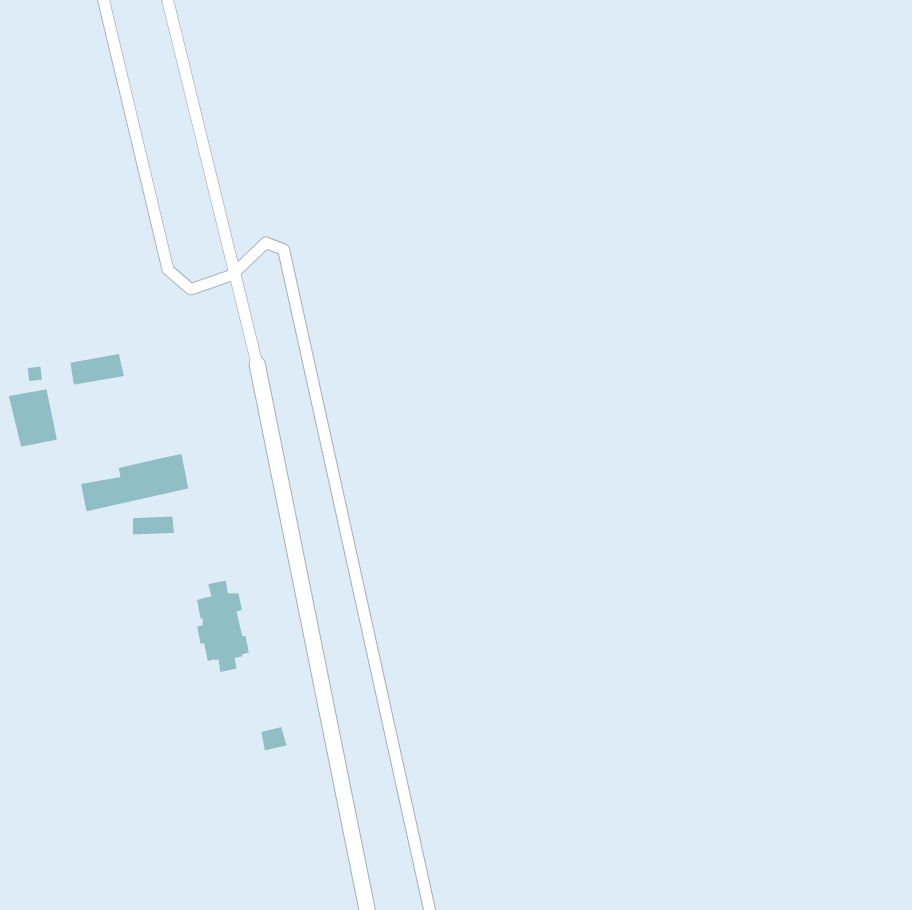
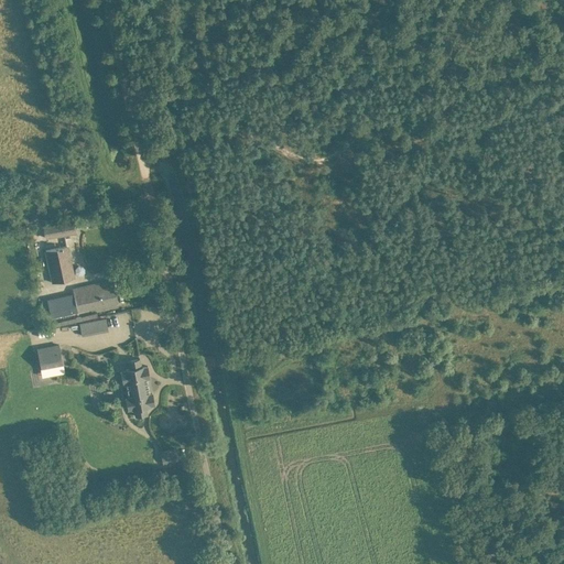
building: [8,389,58,447] -> [44,247,75,283]
building: none -> [37,346,63,369]

